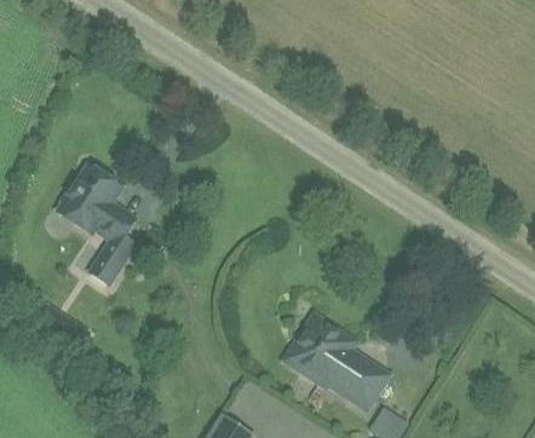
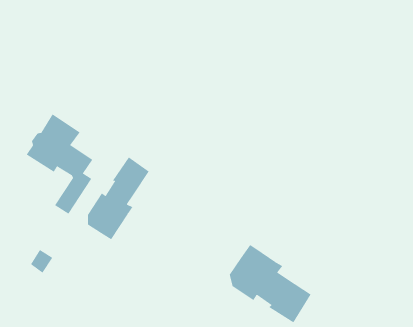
building: none -> [87,157,150,240]

